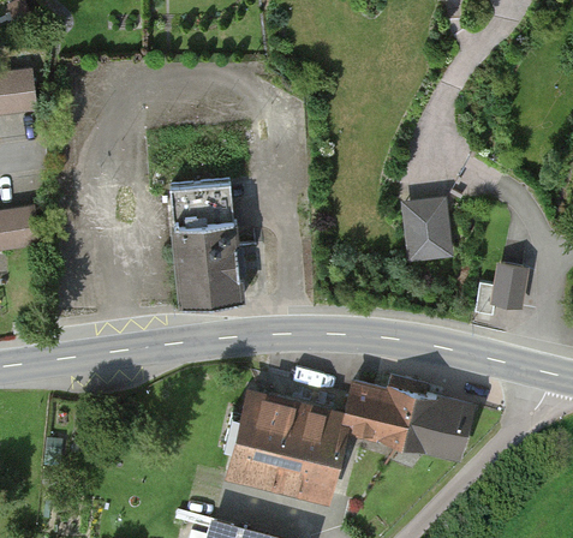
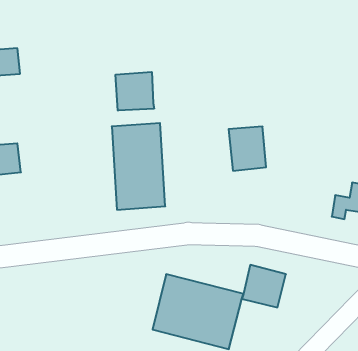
building: none -> [116,72,154,111]
building: [401,204,454,267] -> [229,127,266,171]
building: [399,395,472,458] -> none

